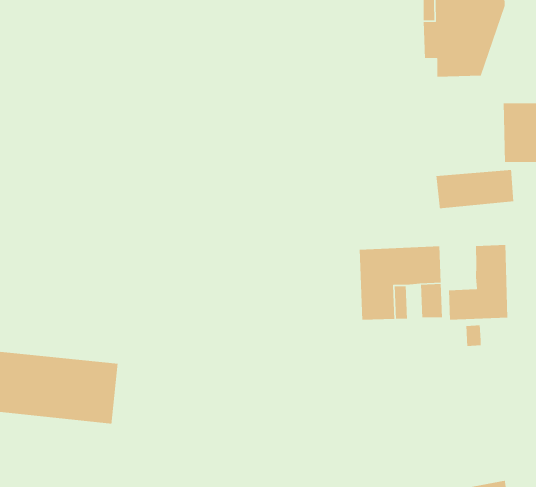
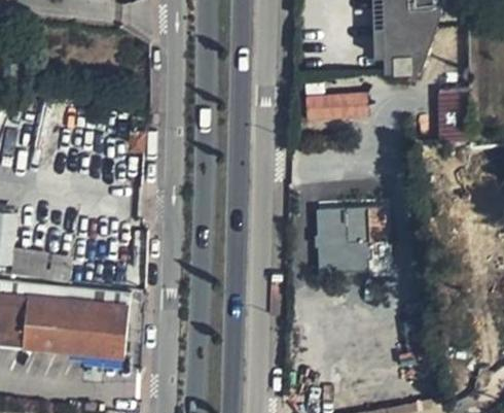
building: [435,169,514,209] -> [303,92,368,125]
building: [448,244,508,320] -> none

